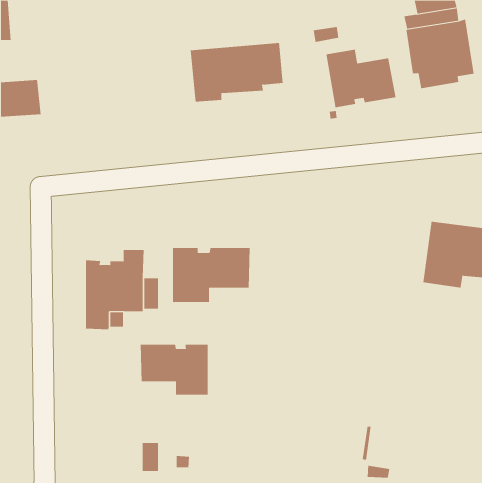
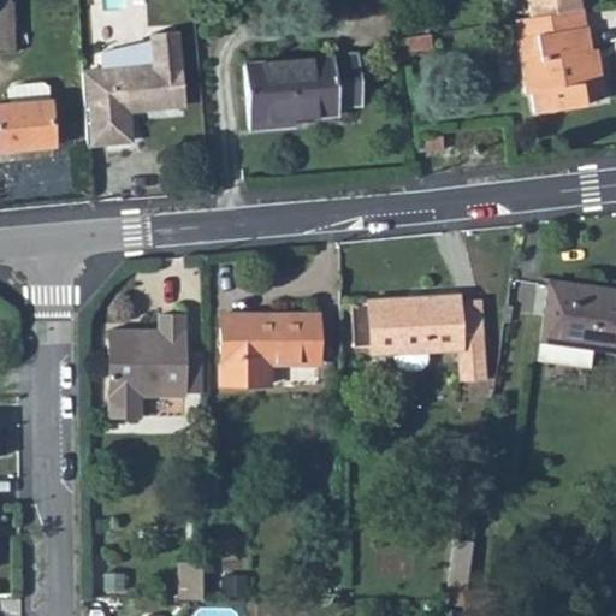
building: none -> [83,30,183,144]
building: [326,49,396,108] -> none
building: none -> [351,295,486,381]
building: [140,344,208,396] -> none

